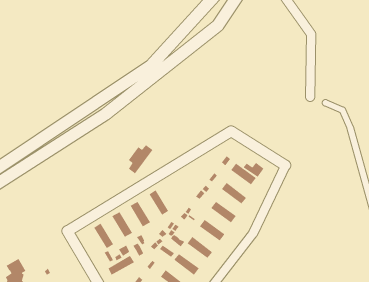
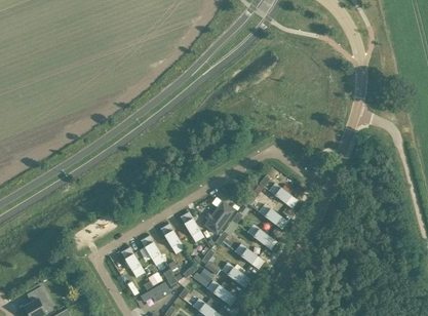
building: [128,144,153,175] -> [206,204,234,237]

